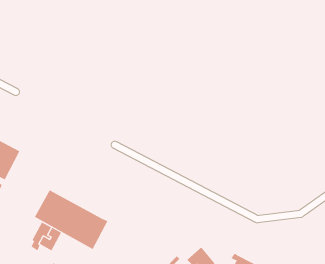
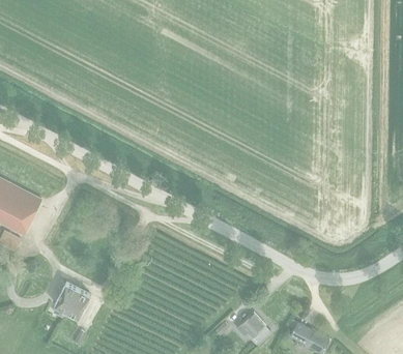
building: [34,190,108,250] -> none

